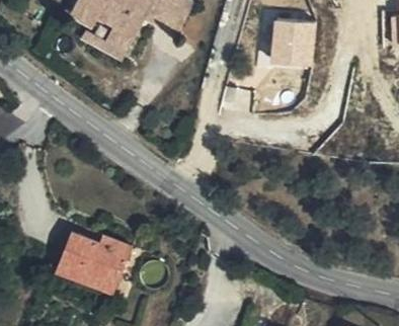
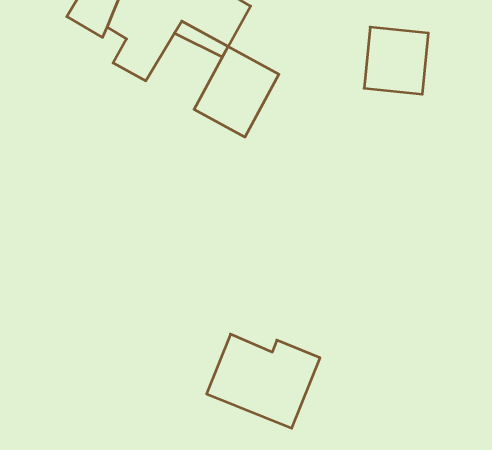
building: none -> [194,46,279,137]
building: [57,231,134,295] -> [207,334,320,428]

